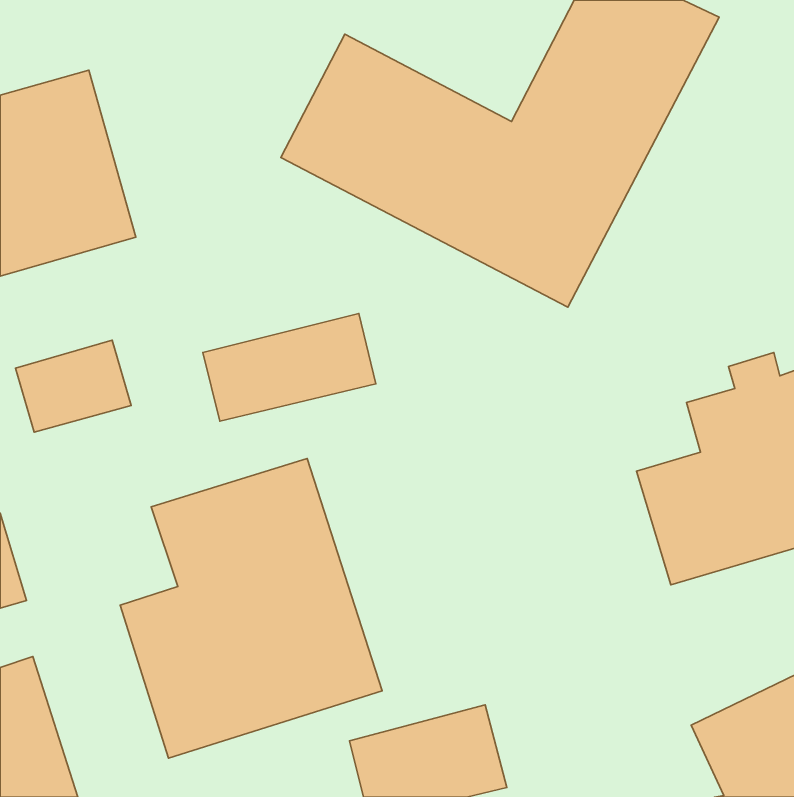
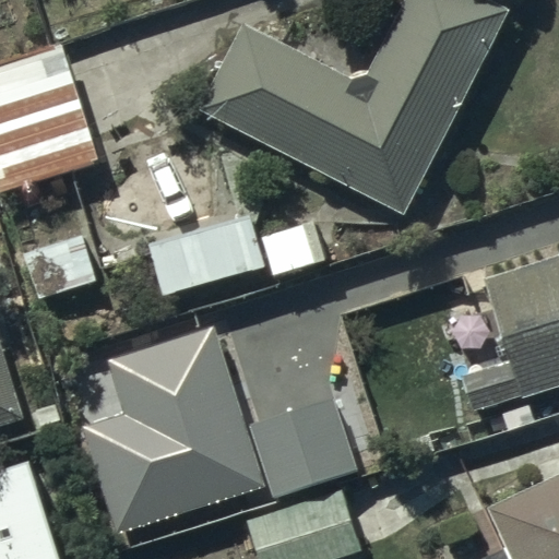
building: none -> [255,396,360,492]

